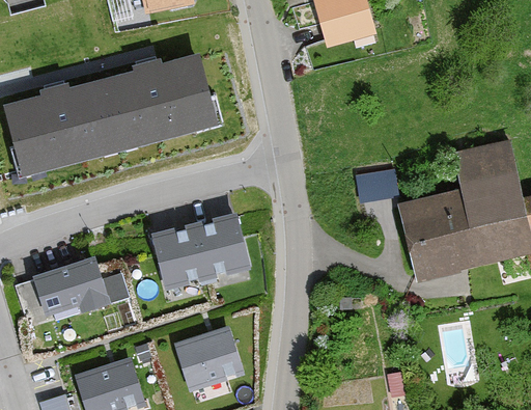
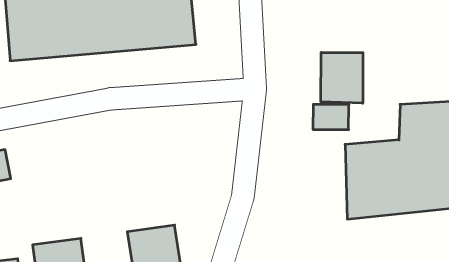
building: none -> [321,52,363,103]
building: [155,217,246,290] -> none
building: [37,259,107,315] -> none

